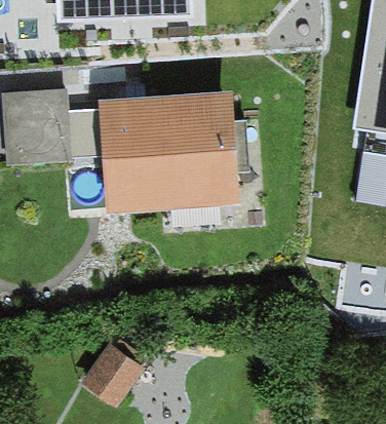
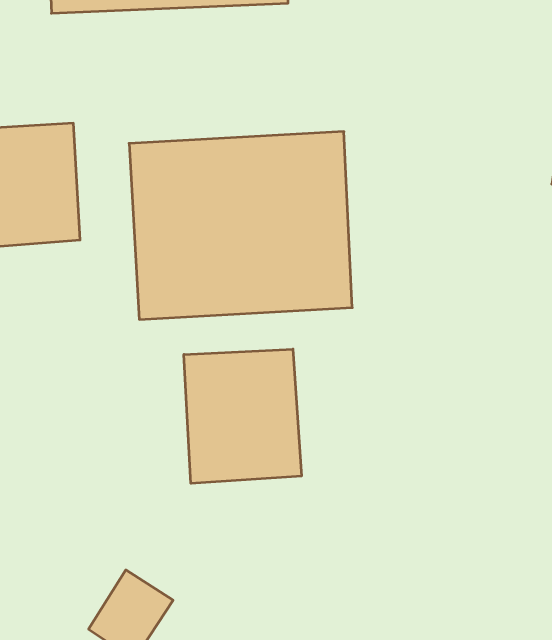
building: none -> [184,349,301,483]

